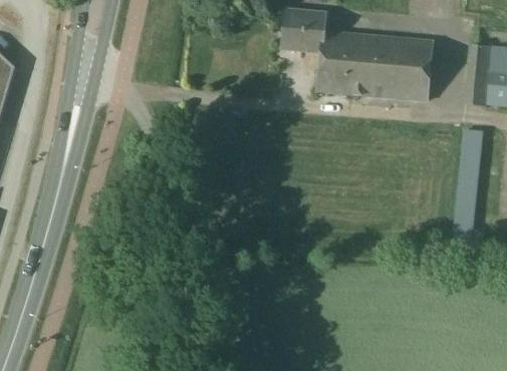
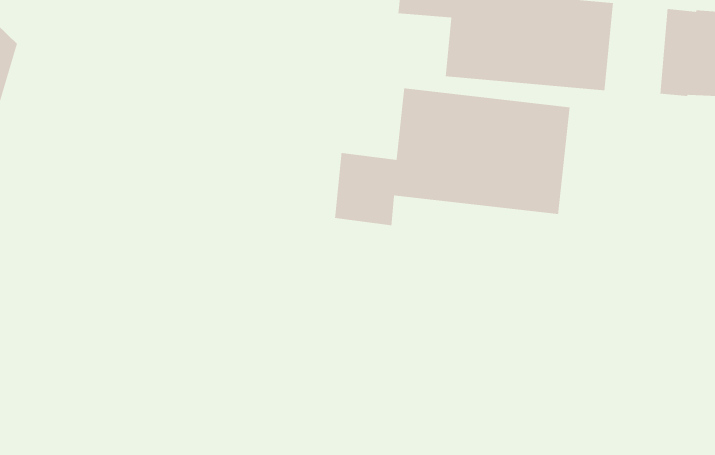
building: none -> [334,88,570,226]
building: [450,127,482,243] -> none

